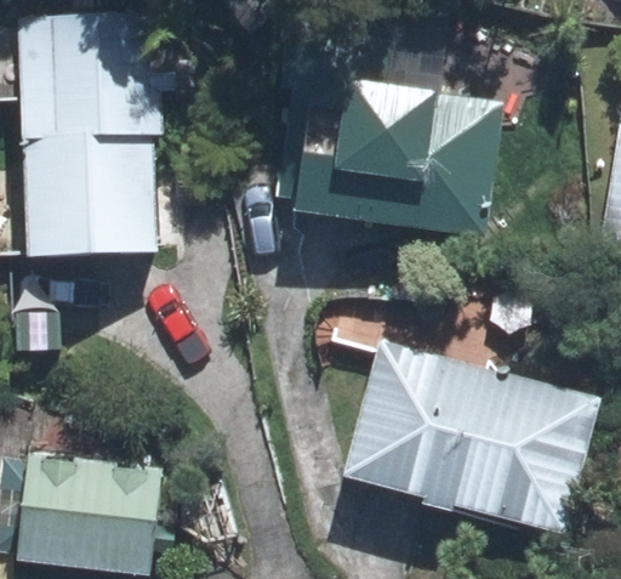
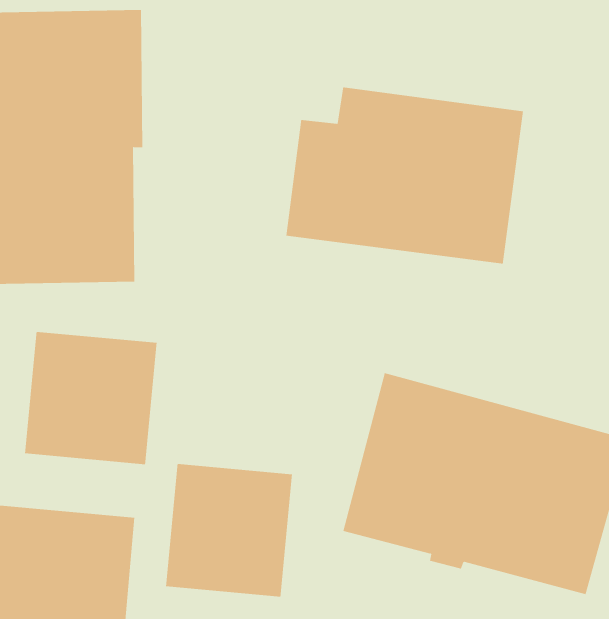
building: none -> [24,331,157,465]
building: none -> [165,463,293,597]

